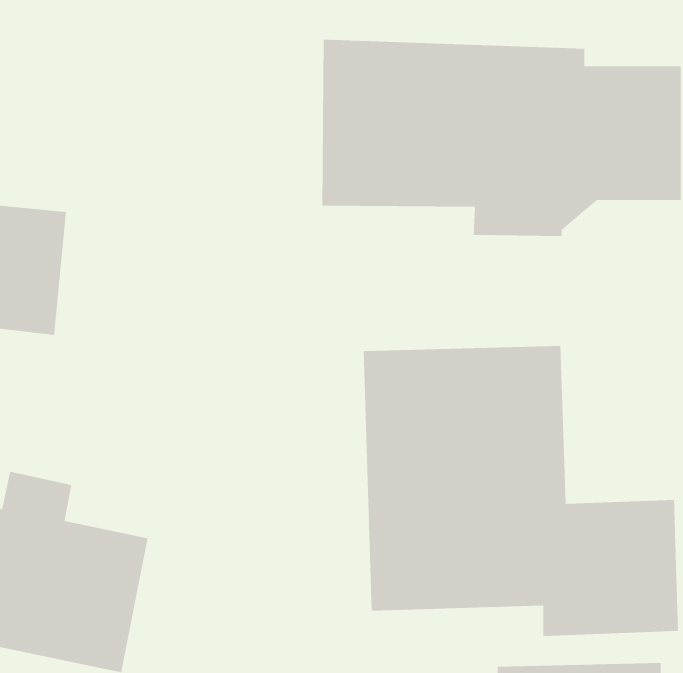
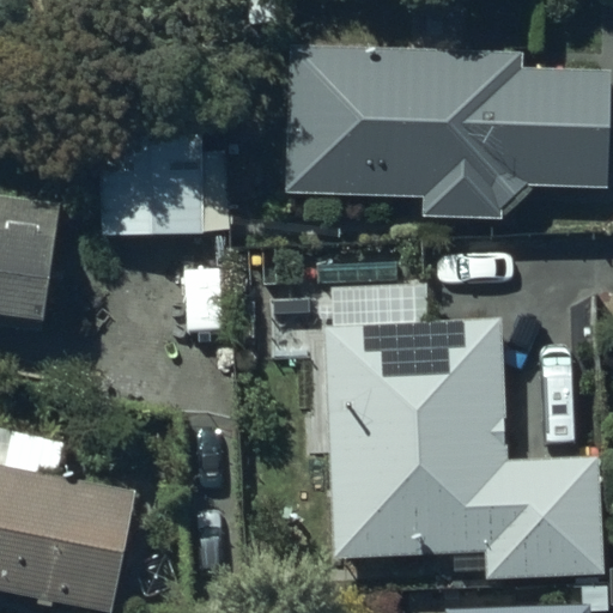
building: none -> [99,131,229,233]

